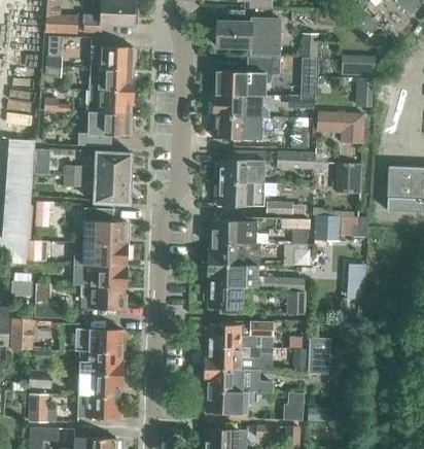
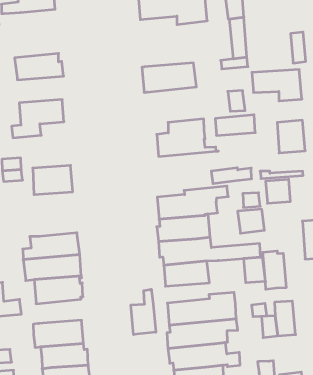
building: [90,45,134,69] -> none
building: [214,58,269,95] -> none
building: [342,59,374,76] -> none
building: [89,90,135,114] -> none
building: [213,117,262,140] -> none
building: [94,151,132,179] -> none
building: [217,181,276,206] -> none
building: [82,208,130,245] -> none
building: none -> [263,251,286,289]
building: none -> [131,289,156,335]

